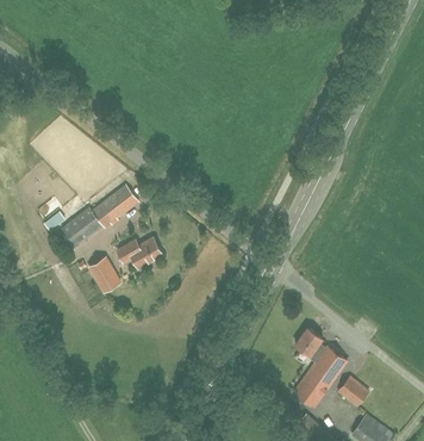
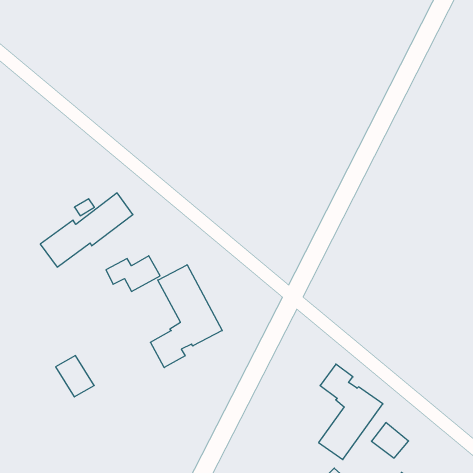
building: none -> [150,265,222,368]
building: [87,255,119,290] -> [56,356,94,397]

